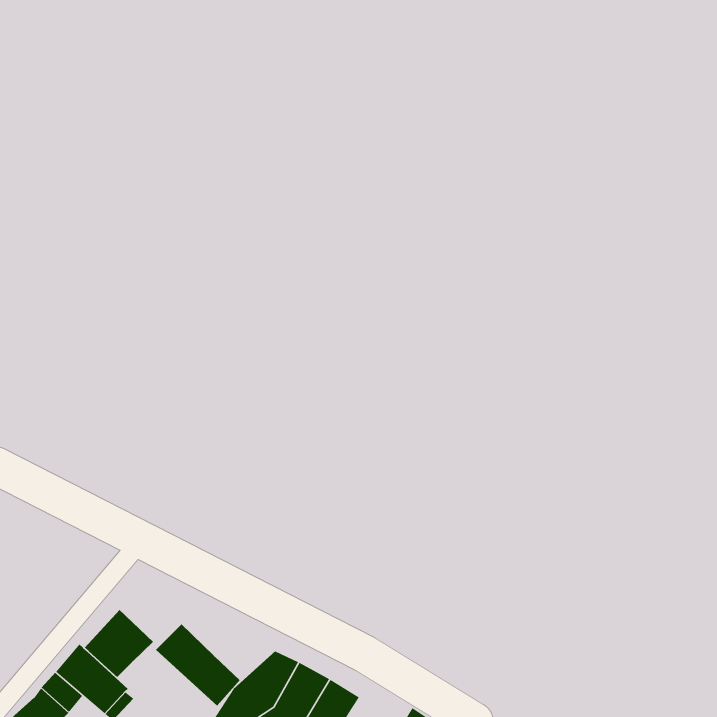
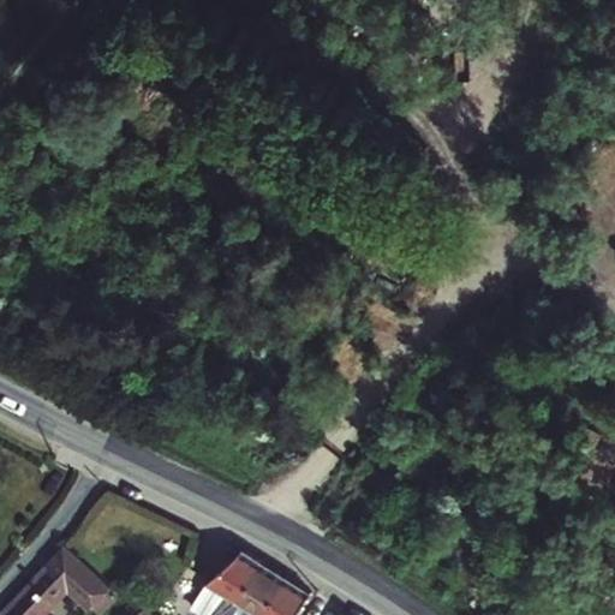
building: [84,609,154,678] -> none
building: [155,624,240,707] -> none

